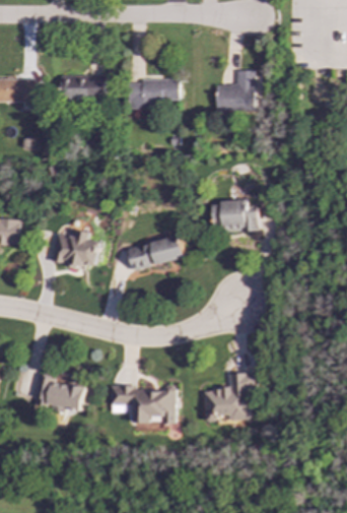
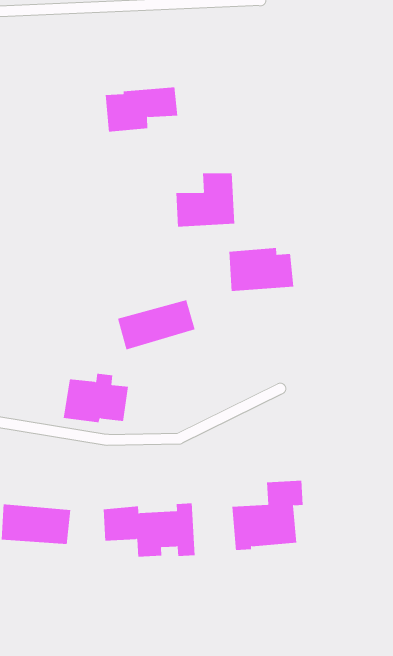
building: [215,71,258,110] -> [175,173,235,227]
building: [59,75,105,102] -> none
building: [50,231,99,267] -> [63,373,129,423]

